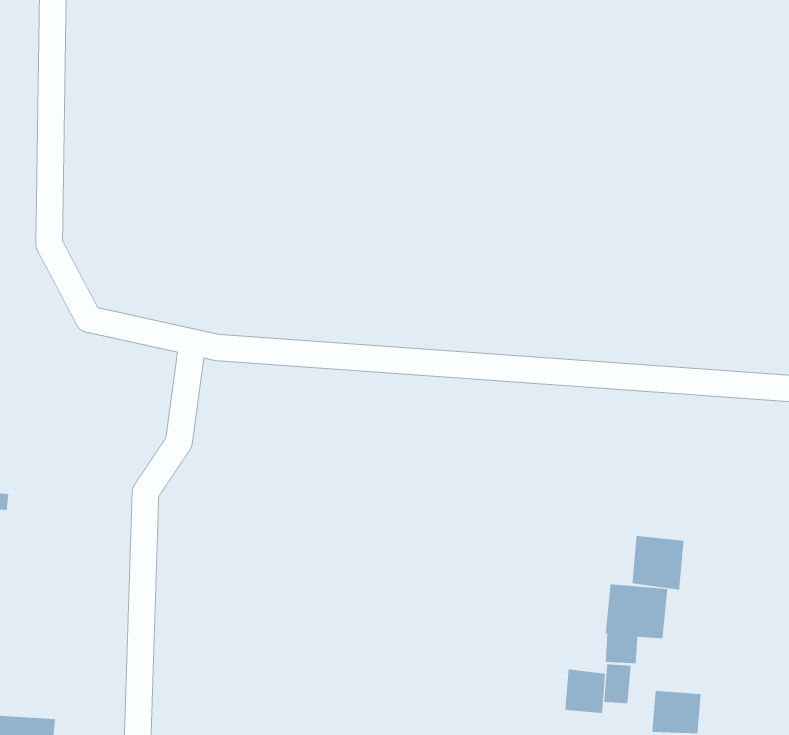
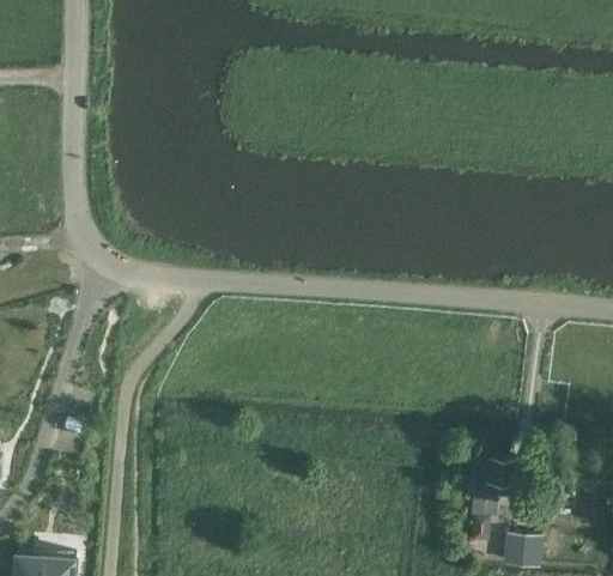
building: [632,535,684,591] -> none
building: [565,668,605,714] -> none

